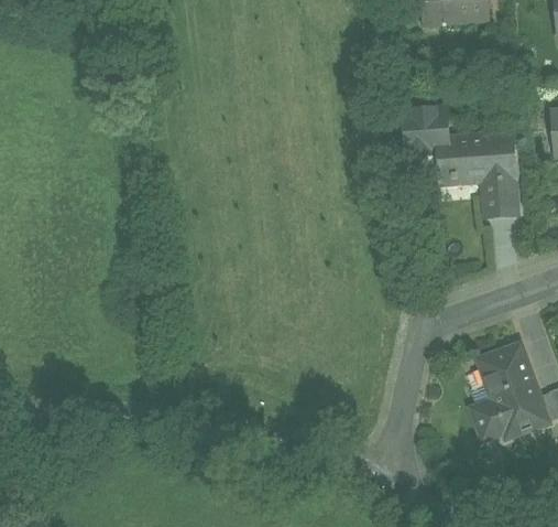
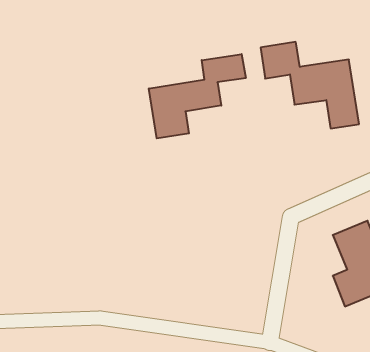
building: none -> [149,54,246,138]

